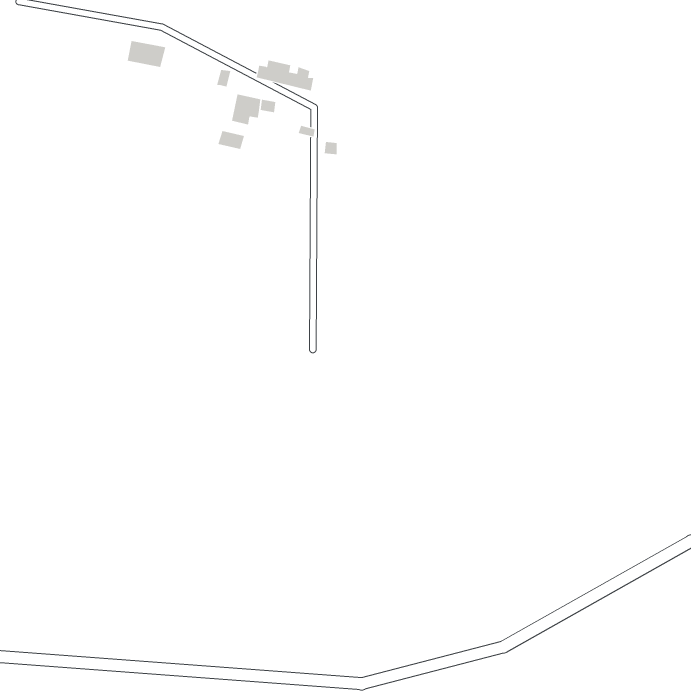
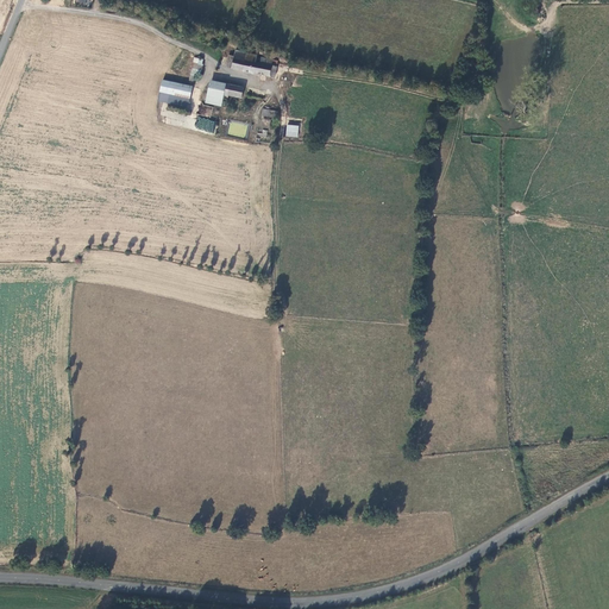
building: [127,40,166,68] -> [158,83,193,107]

